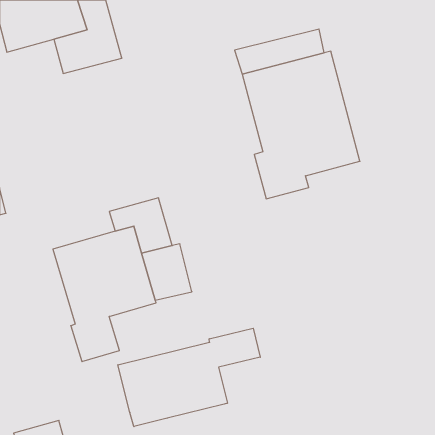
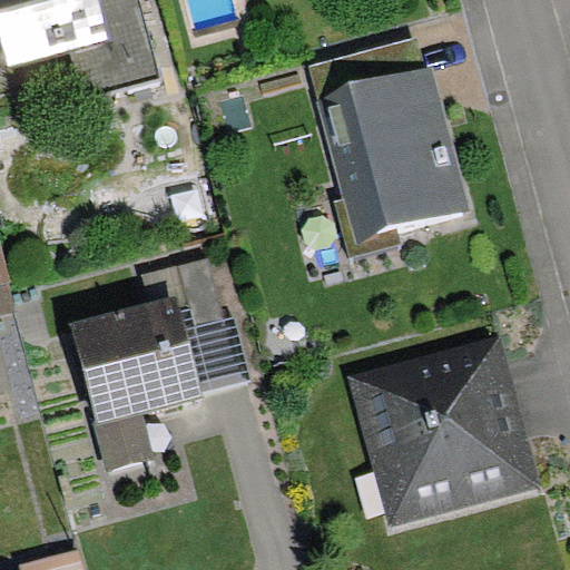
building: none -> [347,333,541,528]
building: [118,328,260,427] -> none

